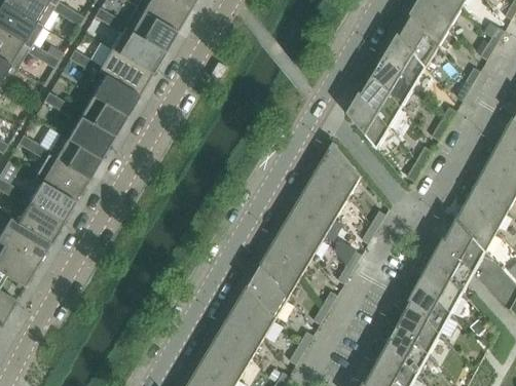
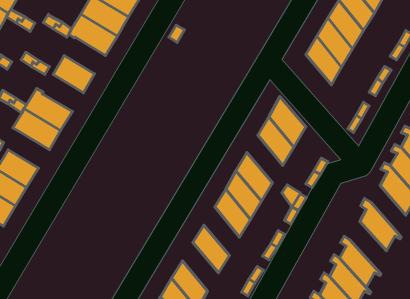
building: [90,76,137,117] -> none
building: [348,95,390,150] -> none
building: [66,118,112,159] -> none
building: [28,182,74,223] -> none
building: [295,186,335,239] -> none
building: [434,242,473,294] -> none
building: [247,266,287,320] -> none
building: [410,278,456,336] -> none
building: [223,306,263,360] -> none

